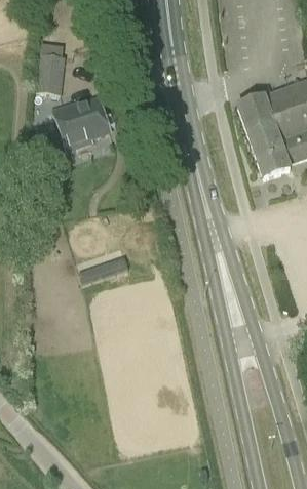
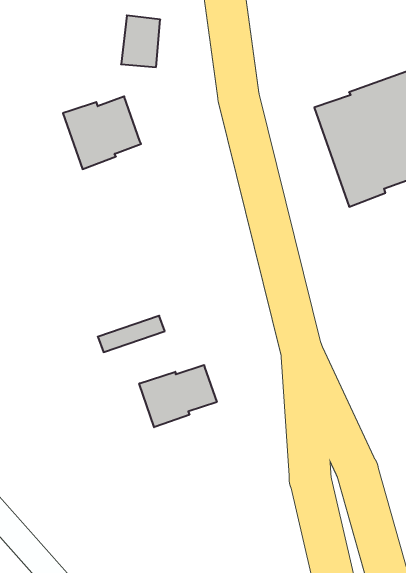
building: [36,54,65,92] -> [121,15,160,67]
building: none -> [139,365,217,427]

